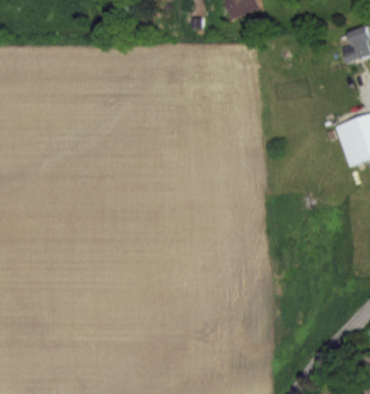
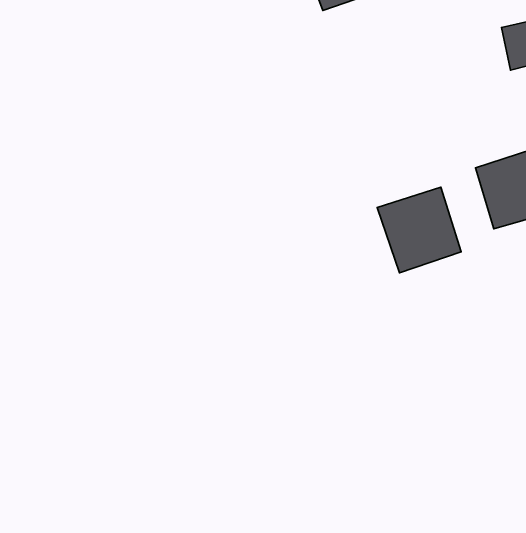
building: none -> [377,187,461,273]

